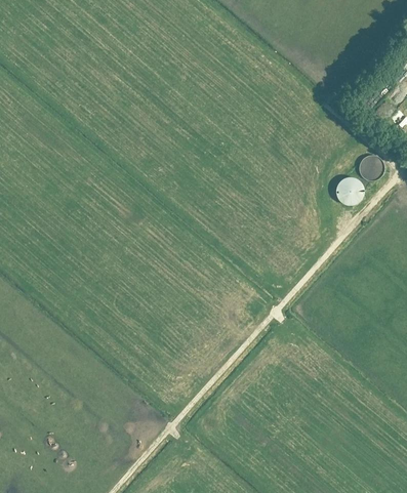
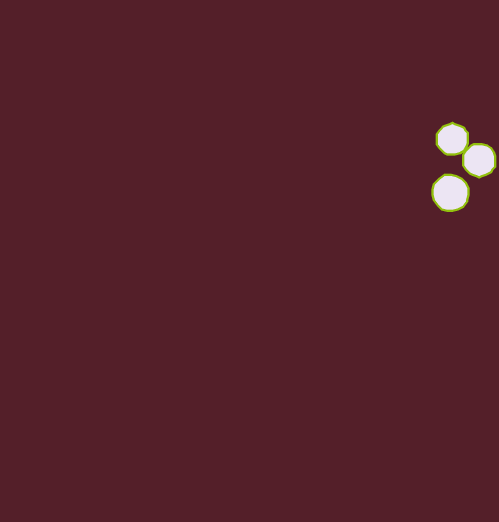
building: none -> [437,123,468,155]

